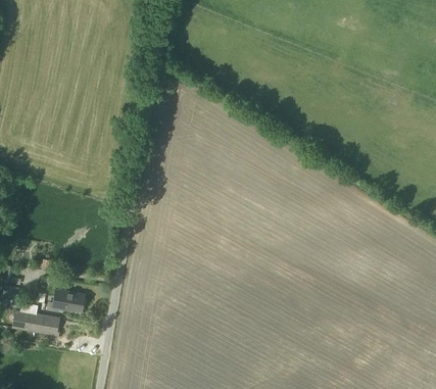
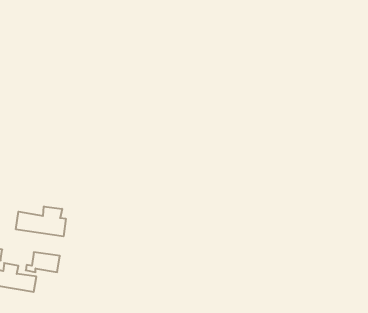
building: none -> [16,206,66,236]

